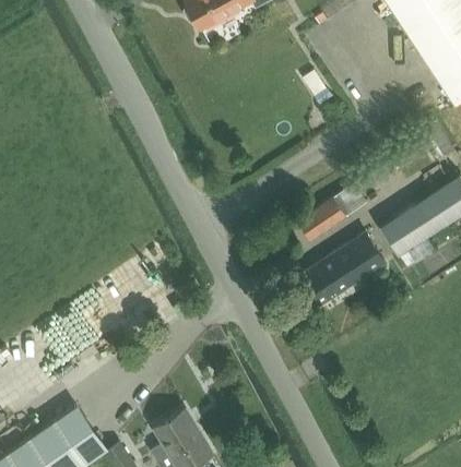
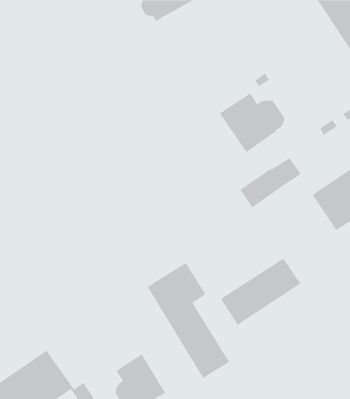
building: none -> [219,93,285,153]
building: [294,232,387,310] -> [220,258,301,326]
building: none -> [147,262,230,379]

